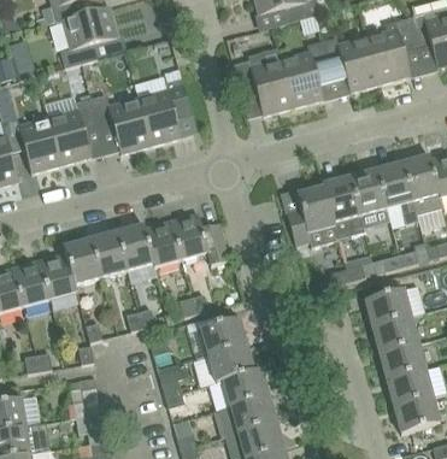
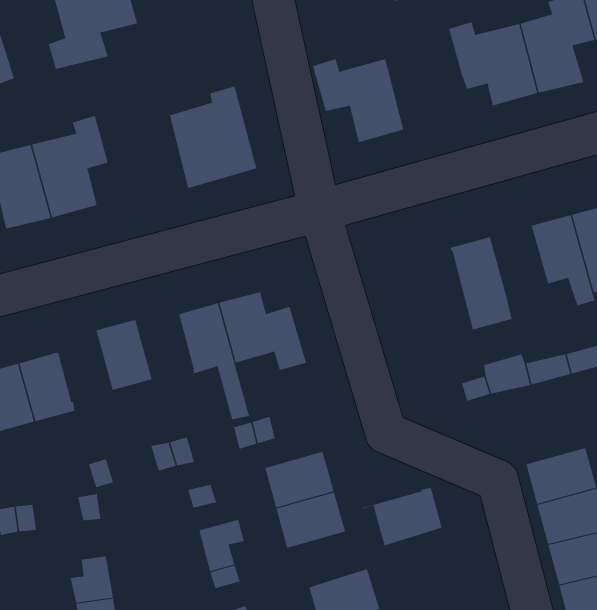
building: [281,41,334,107] -> none
building: [90,94,151,153] -> none
building: [349,170,387,216] -> none
building: [287,187,337,246] -> none
building: [117,224,154,271] -> none
building: [64,239,101,286] -> none
building: [365,289,412,326] -> none
building: [216,369,269,407] -> [362,488,443,546]

